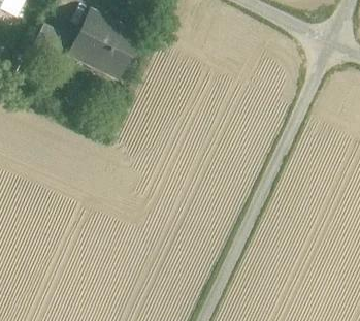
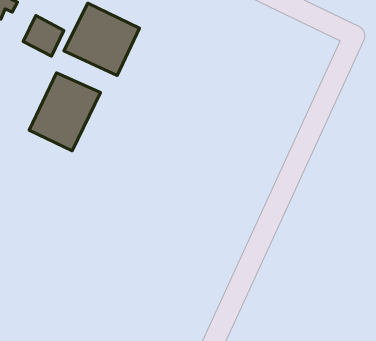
building: none -> [29,73,100,151]

